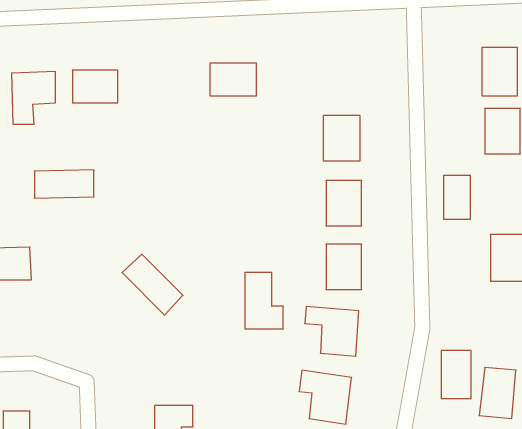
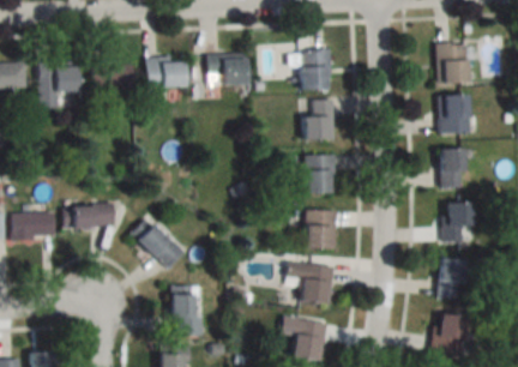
building: none -> [300,49,331,88]
building: none -> [146,58,183,89]
building: [34,170,94,198] -> [65,203,115,227]
building: [444,175,470,219] -> [440,148,463,185]
building: [245,272,283,329] -> [170,287,203,335]
building: [441,351,471,399] -> [439,257,464,297]

